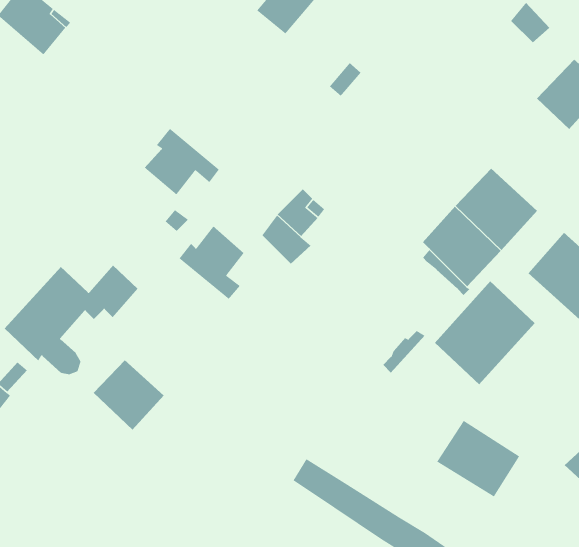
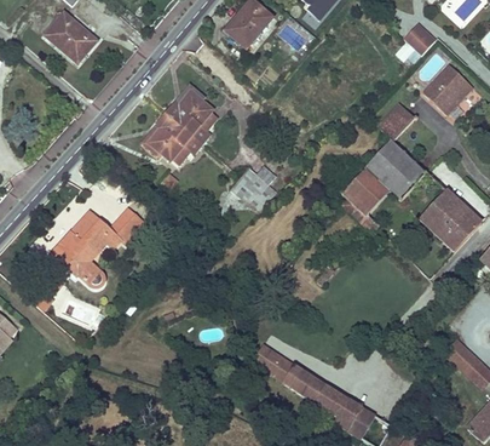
building: none -> [376,104,411,141]
building: [179,225,244,300] -> [166,90,212,142]
building: [434,281,535,385] -> none
building: [93,360,165,430] -> none
building: [436,420,520,497] -> none

